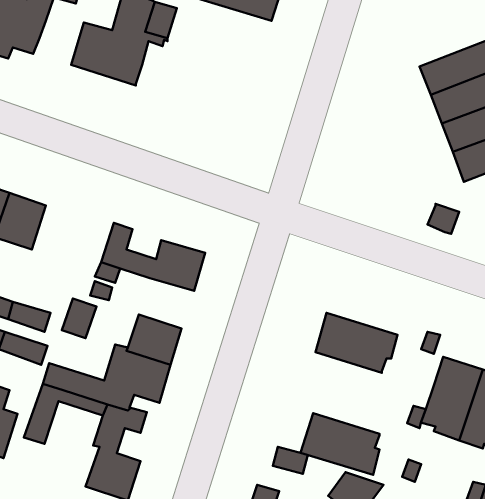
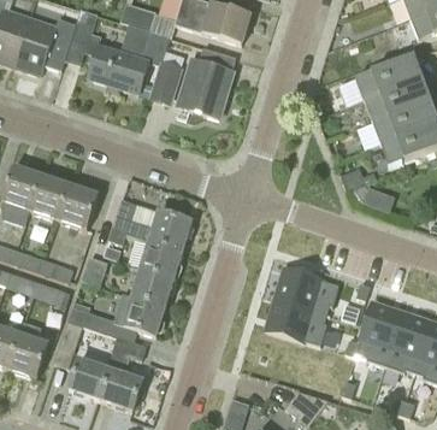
building: none -> [179,46,231,118]
building: none -> [147,59,182,105]
building: none -> [58,185,98,229]
building: none -> [140,241,182,279]
building: [301,413,379,475] -> [265,298,325,344]
building: none -> [67,359,110,400]

